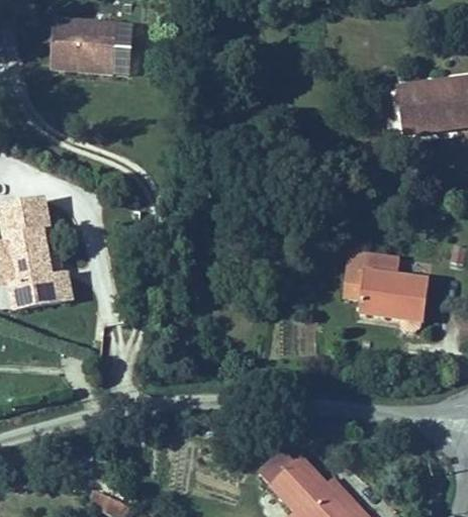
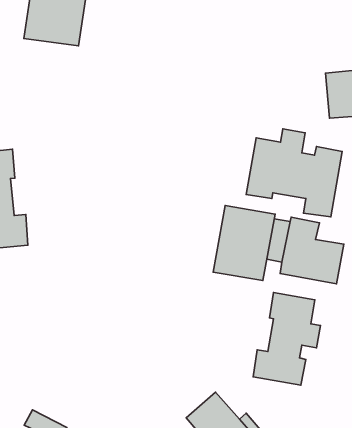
building: none -> [246,129,342,217]
building: none -> [213,206,275,281]
building: none -> [253,292,320,385]

